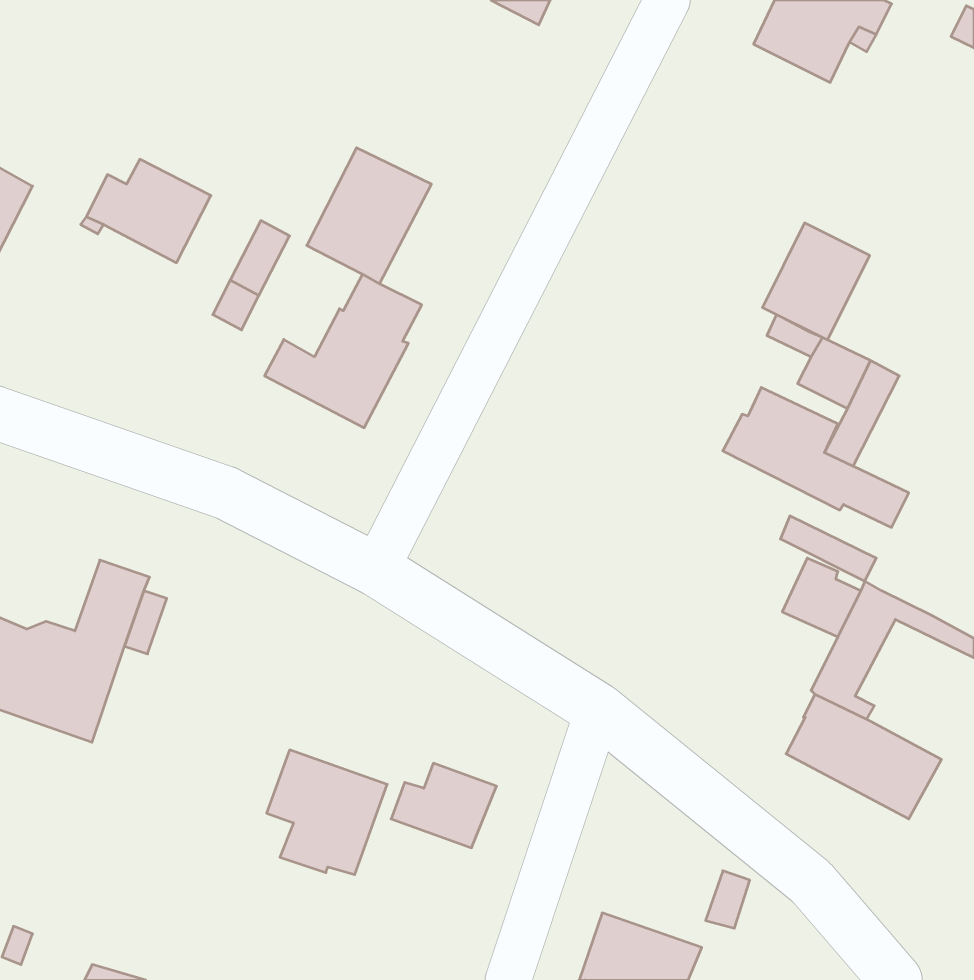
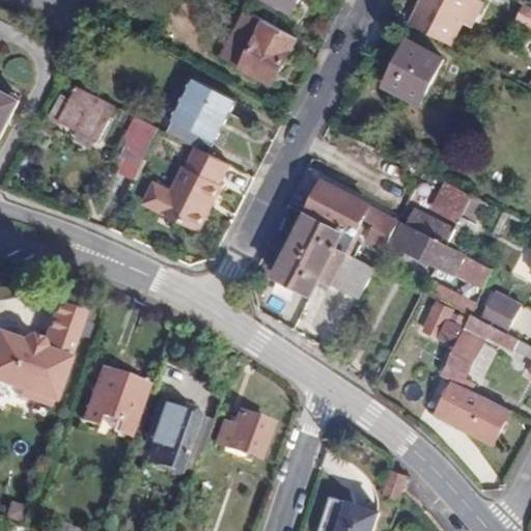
building: none -> [221,10,296,84]
building: [762,223,870,340] -> [384,40,442,104]
building: none -> [273,183,396,299]
building: none -> [477,291,519,333]
building: none -> [80,370,148,437]

